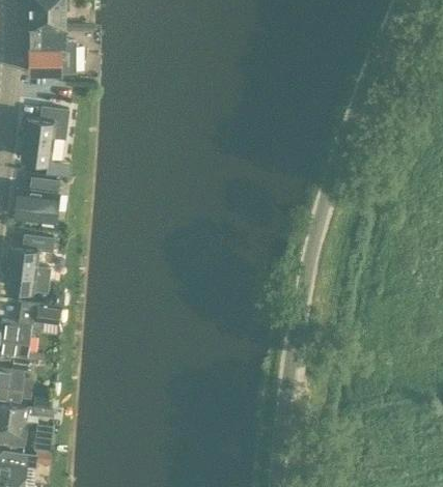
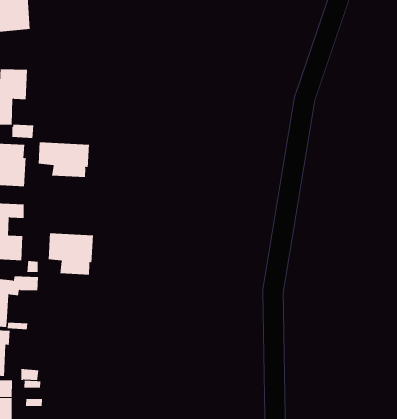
building: none -> [38,142,89,178]
building: none -> [48,232,94,275]

